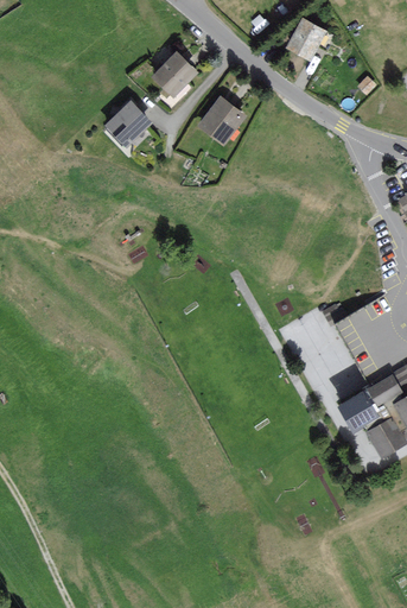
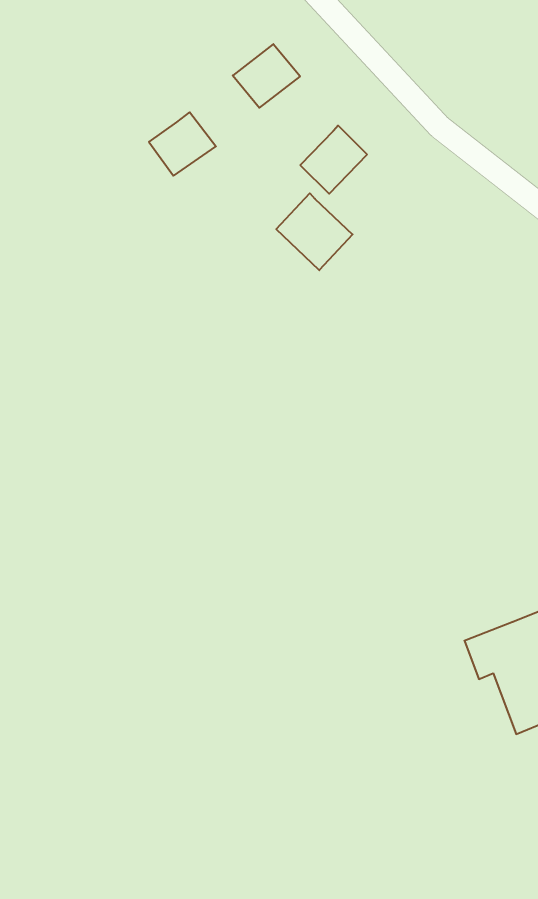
building: [290,21,323,57] -> none
building: none -> [276,193,353,270]

